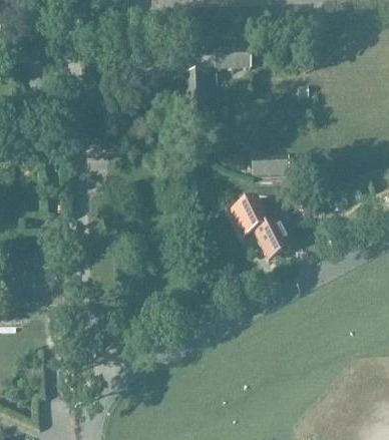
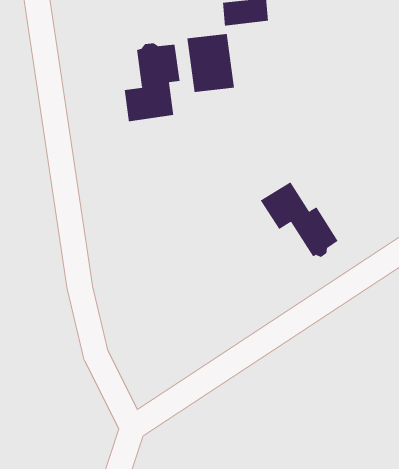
building: none -> [124,43,180,122]
building: [252,154,289,173] -> none

